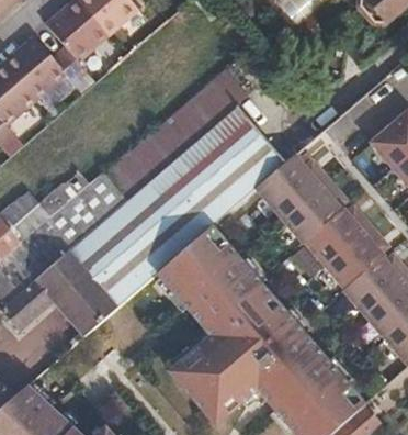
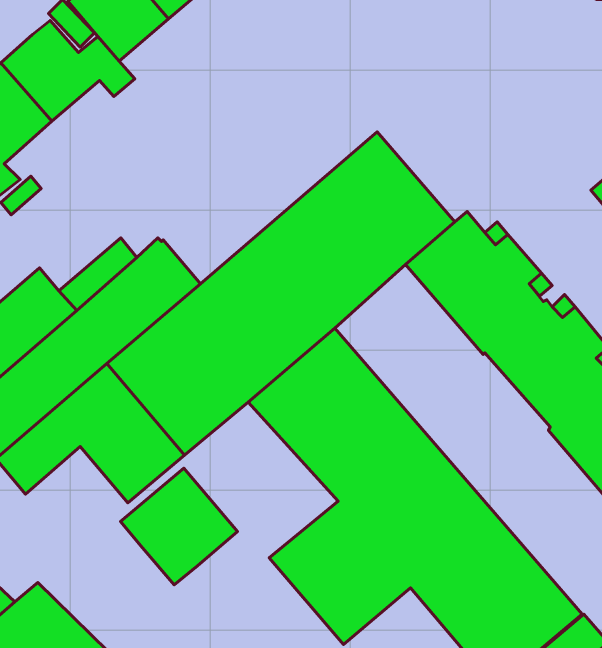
building: [104,68,249,200] -> none
building: none -> [121,468,238,585]

